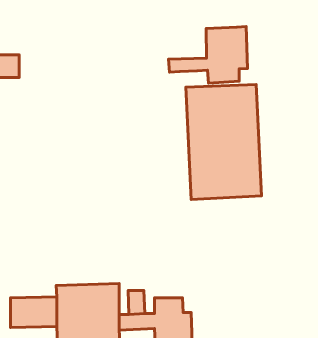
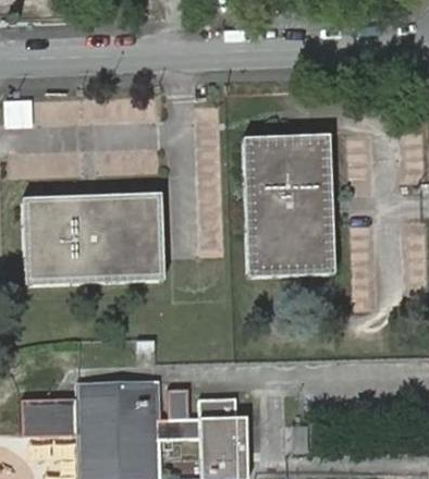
building: [168,26,248,83] -> none
building: none -> [21,193,163,285]

